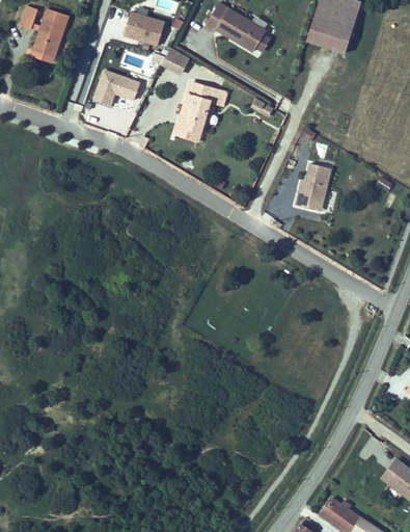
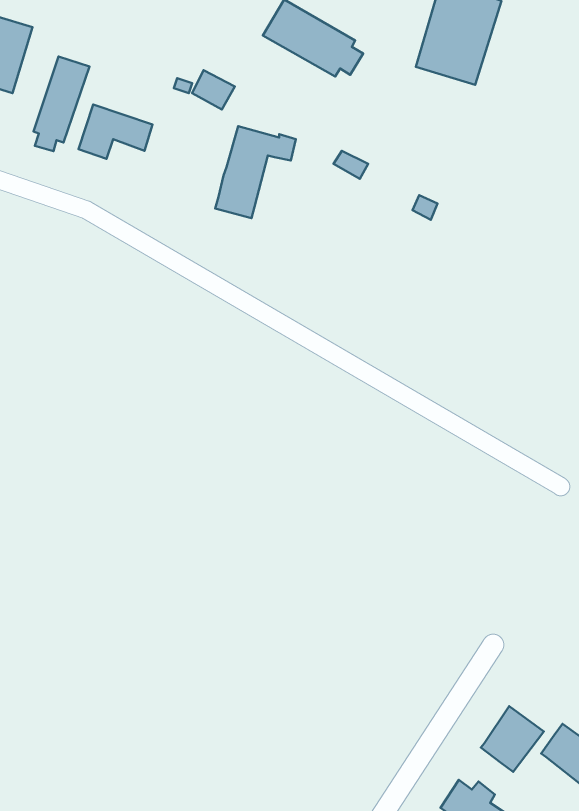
building: [127,11,165,44] -> none
building: none -> [34,57,90,151]
building: [295,163,332,212] -> none
building: none -> [481,706,544,772]

